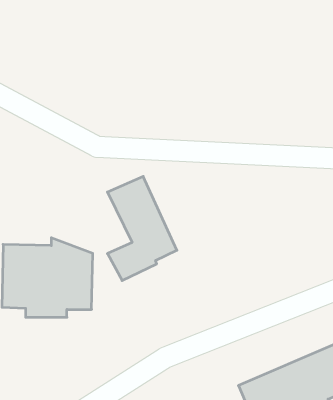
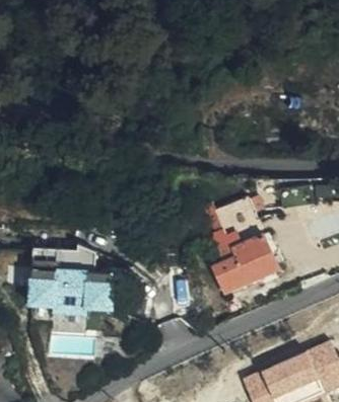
building: [107,176,177,281] -> [209,198,272,293]

